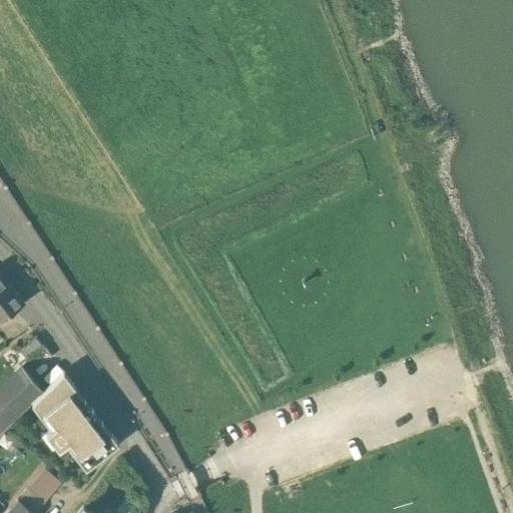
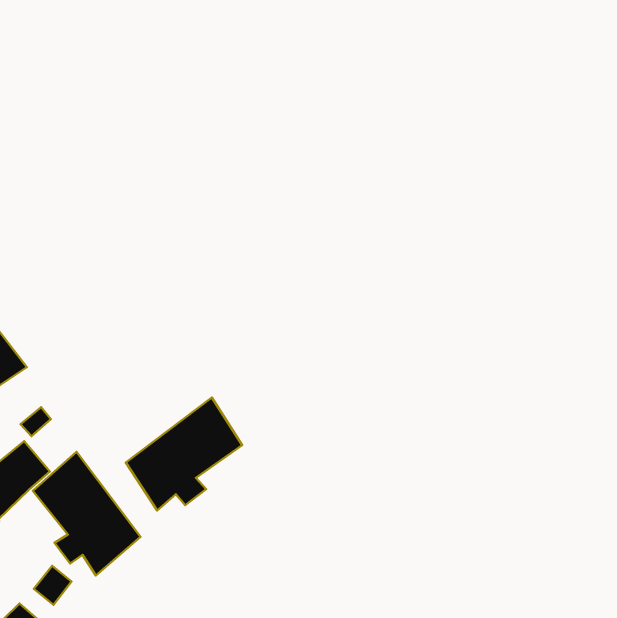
building: none -> [126,397,242,510]

